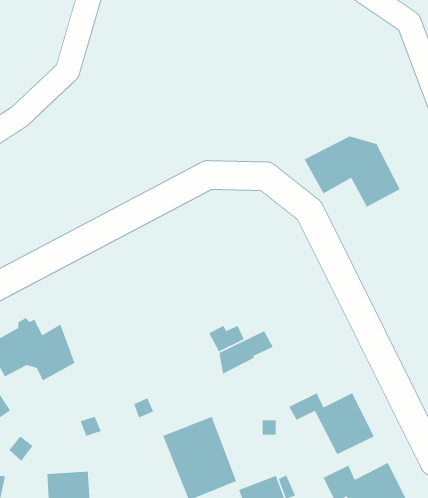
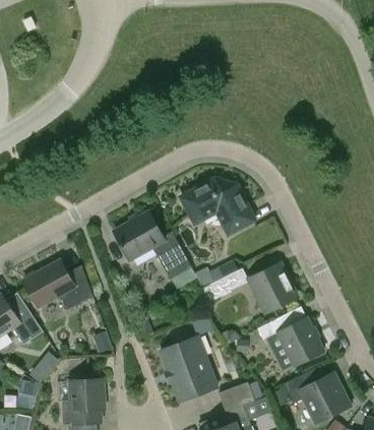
building: [304,135,401,208] -> [180,179,255,235]
building: none -> [114,212,191,280]
building: none -> [248,266,297,313]

